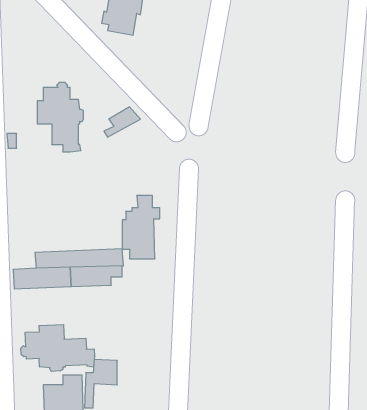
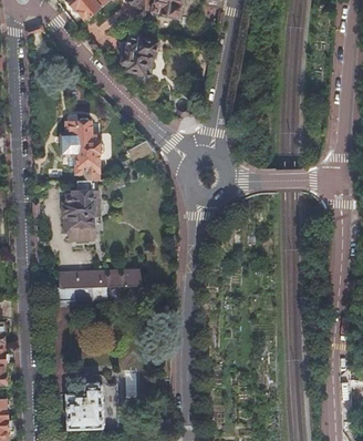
building: [122,196,160,259] -> [63,181,97,238]
building: [21,325,94,371] -> none

